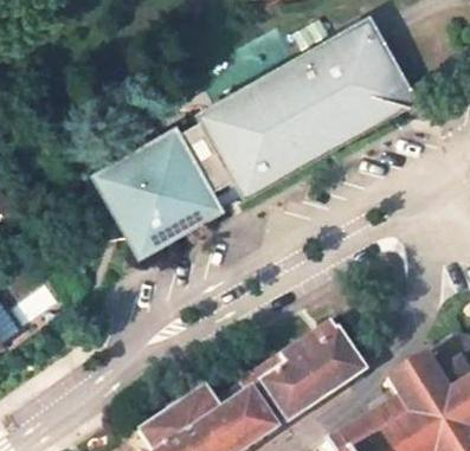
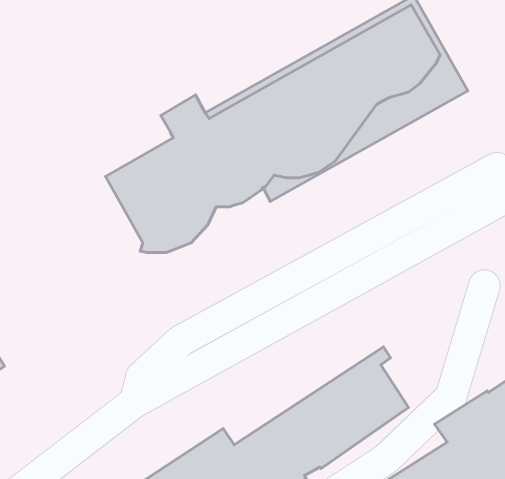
building: [94,133,218,250] -> none

